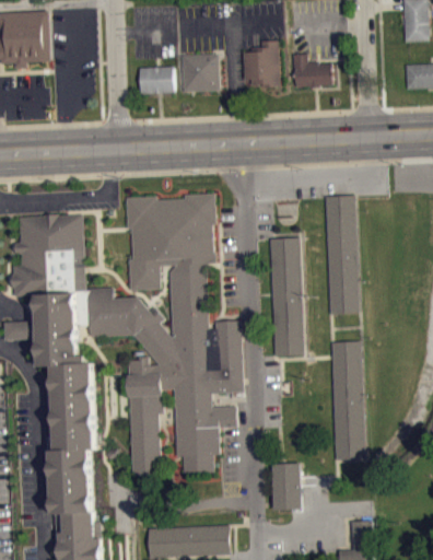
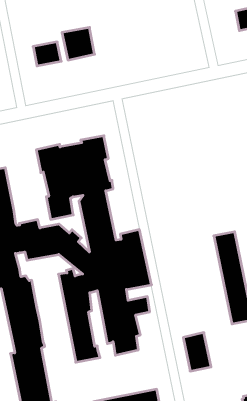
building: [242,42,280,88] -> none
building: [292,55,331,88] -> none
building: [324,196,360,314] -> none
building: [270,238,302,357] -> none

